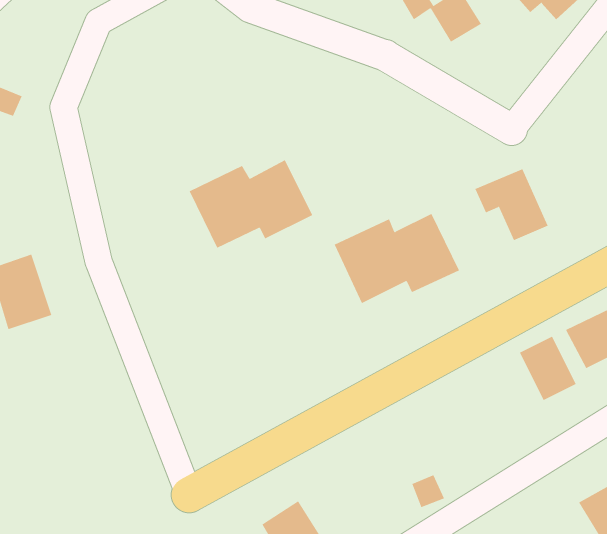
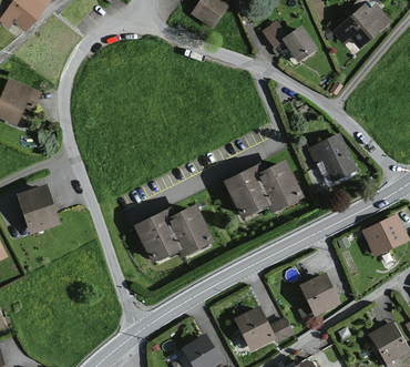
building: [189,160,313,249] -> [136,206,211,259]
building: [519,336,576,401] -> [303,274,337,313]
building: none -> [236,308,273,348]

